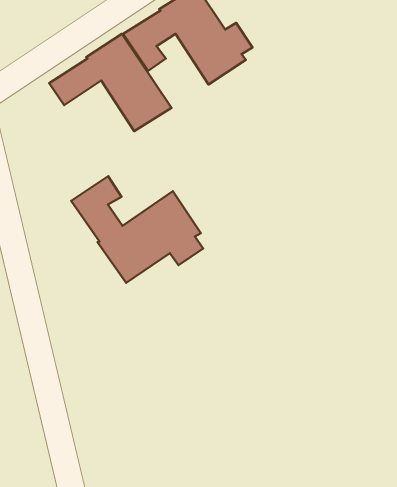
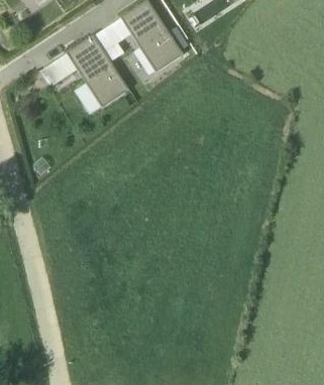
building: [71,176,203,283] -> none

